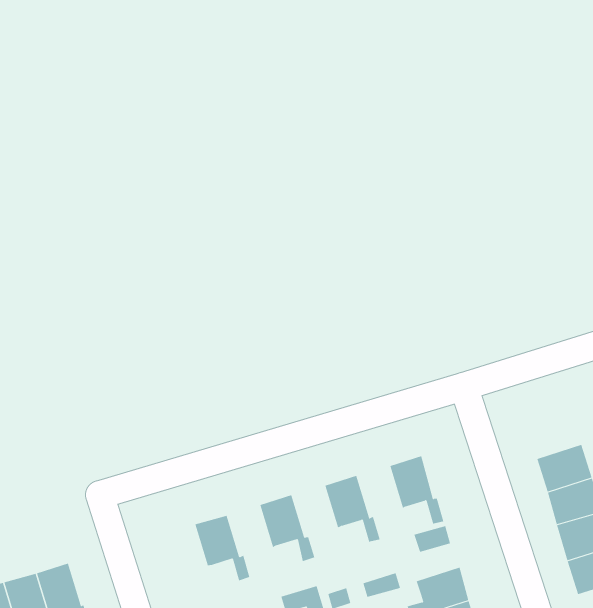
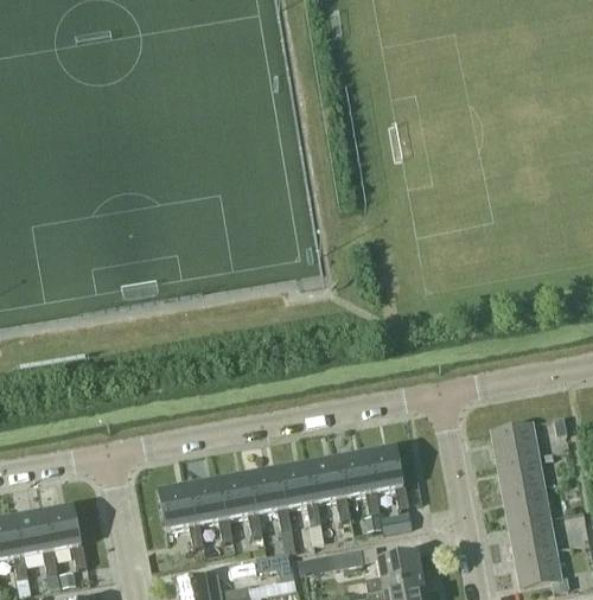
building: none -> [490,420,537,459]
building: none -> [336,451,378,511]
building: none -> [276,461,319,522]
building: none -> [217,472,261,531]
building: none -> [158,483,203,542]

